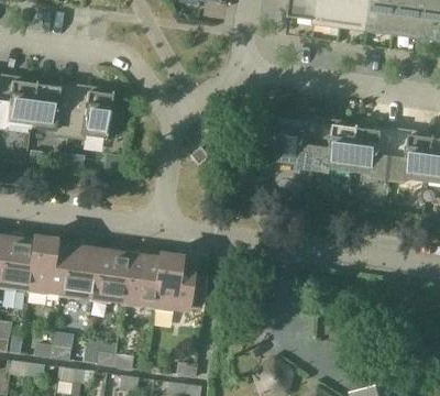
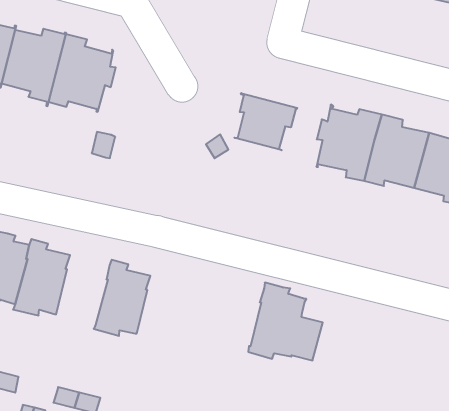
building: none -> [234,93,297,150]
building: [89,246,127,304] -> none
building: [152,255,206,312] -> [248,283,323,360]

